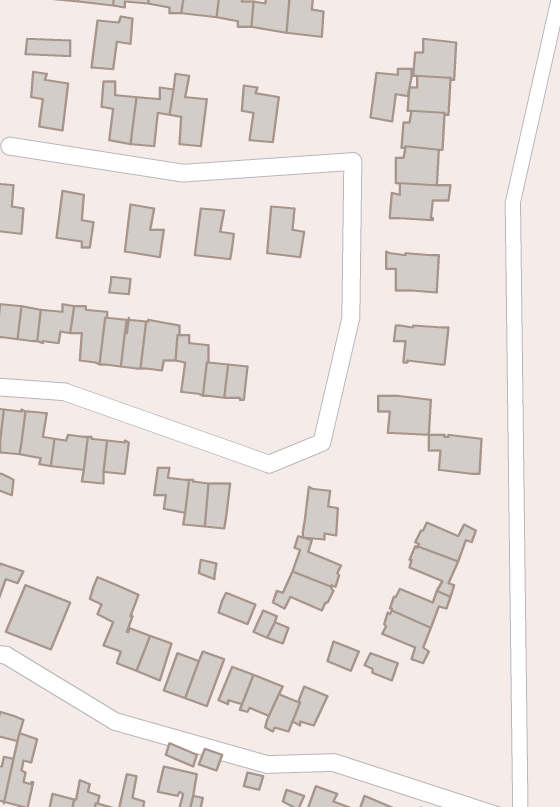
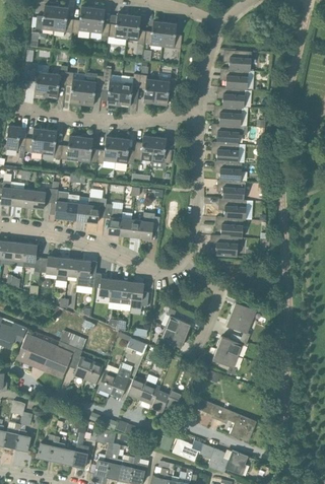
building: [92,17,133,69] -> [46,71,67,98]
building: [371,69,412,122] -> [155,78,177,106]
building: none -> [118,73,140,108]
building: none -> [24,128,46,153]
building: none -> [60,135,81,160]
building: none -> [134,135,154,161]
building: none -> [96,136,118,164]
building: none -> [211,142,239,162]
building: none -> [221,181,245,200]
building: none -> [140,212,159,238]
building: [429,435,482,474] -> [215,217,243,237]
building: none -> [76,260,95,287]
building: [303,487,338,540] -> [130,281,148,308]
building: none -> [40,341,72,377]
building: none -> [196,398,256,437]

